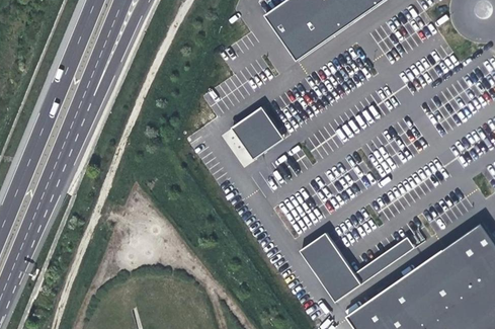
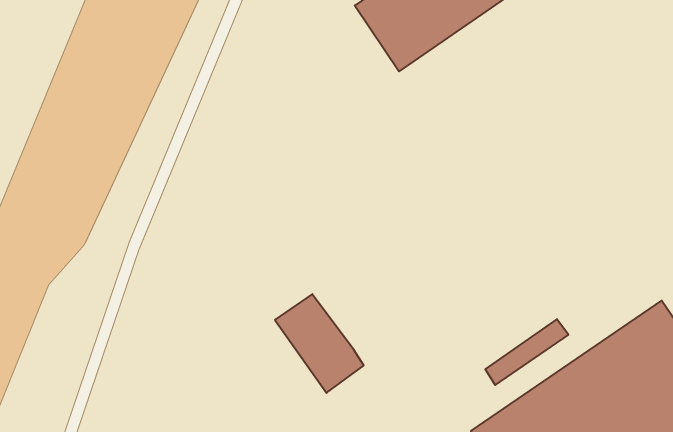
building: [231,108,281,160] -> none
building: [300,233,362,303] -> [275,294,364,393]

